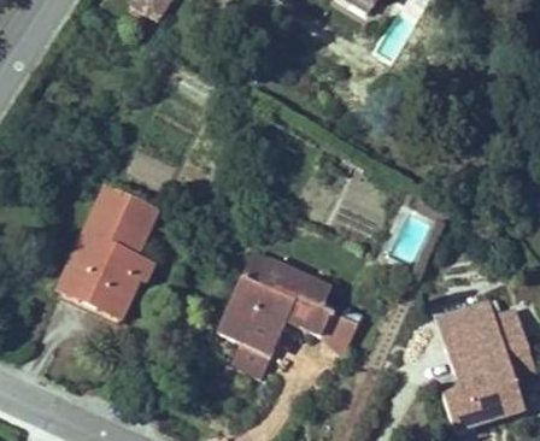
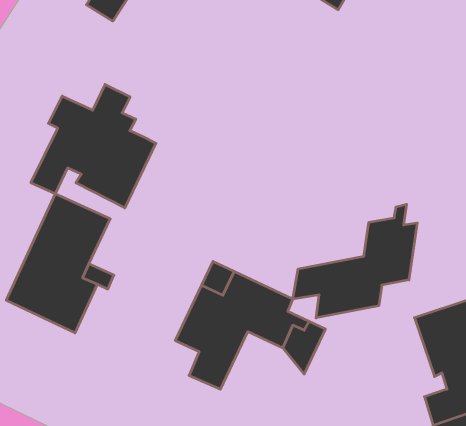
building: none -> [31,84,156,208]
building: none -> [293,204,417,318]

